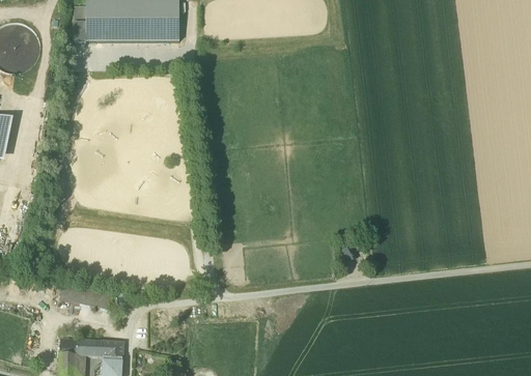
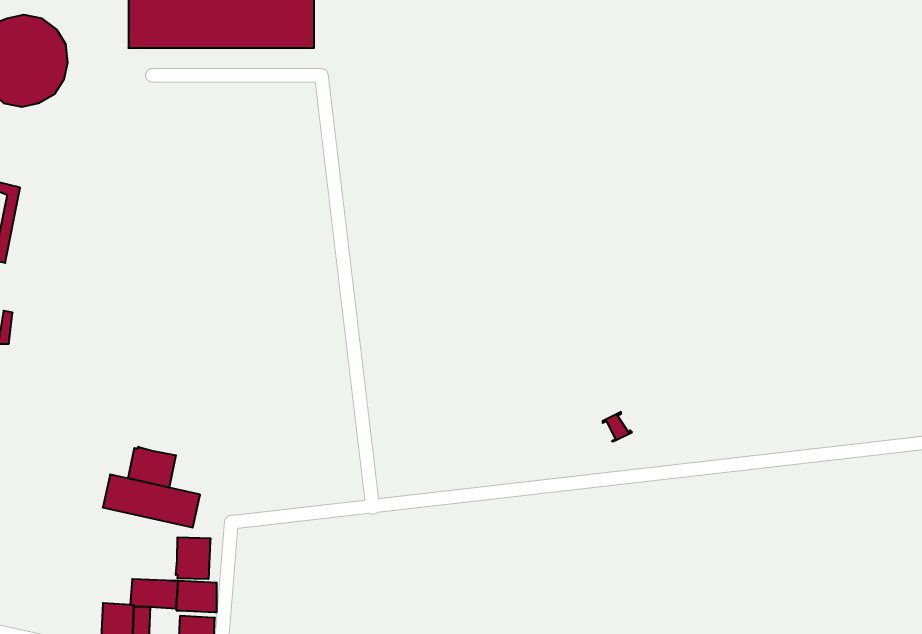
building: none -> [128,447,176,488]
building: none -> [176,537,210,579]

